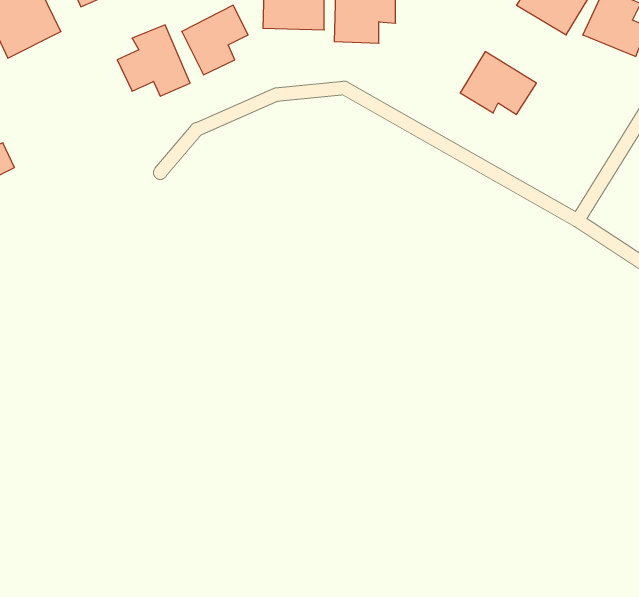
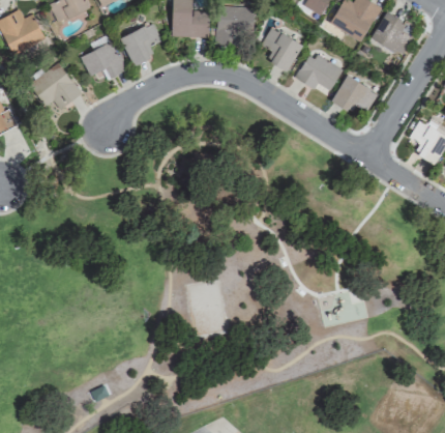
building: none -> [261,27,303,73]
building: none -> [38,63,81,110]
building: none -> [332,76,379,113]

